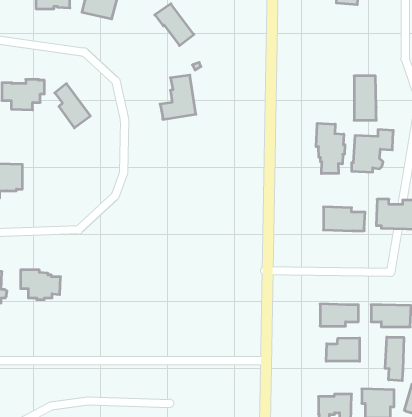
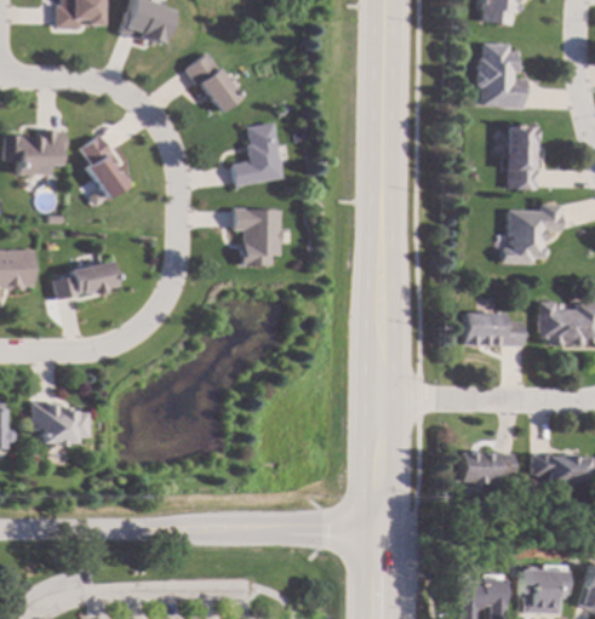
building: [155,4,194,46] -> [185,53,241,113]
building: none -> [482,41,528,107]
building: [316,123,345,174] -> none
building: none -> [233,210,281,265]
building: none -> [55,259,118,299]
building: [385,337,404,381] -> none
building: [326,338,360,361] -> none

